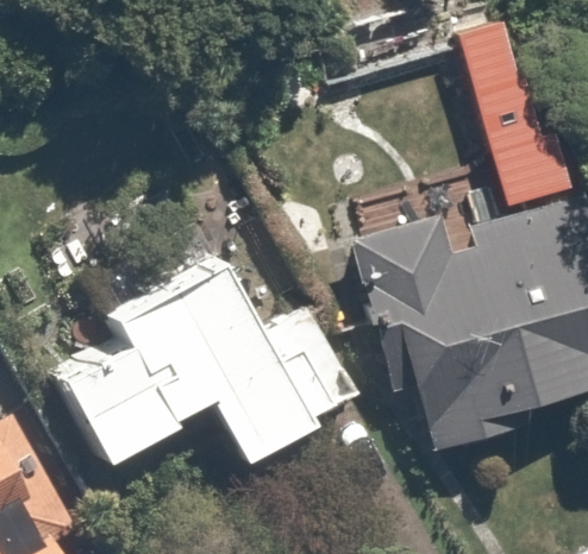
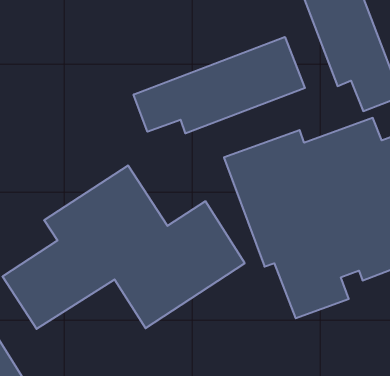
building: none -> [134,37,305,133]

